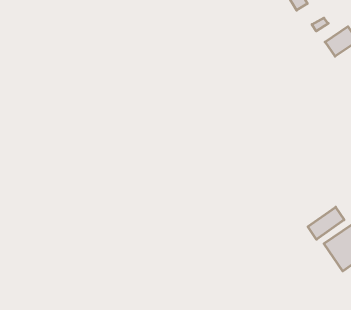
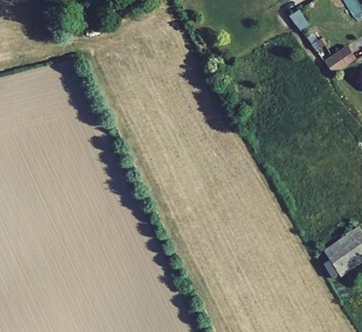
building: [308,207,344,239] -> none

